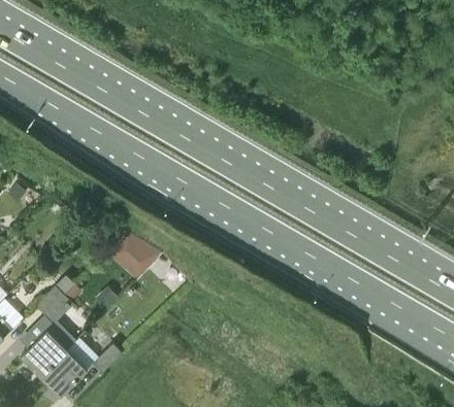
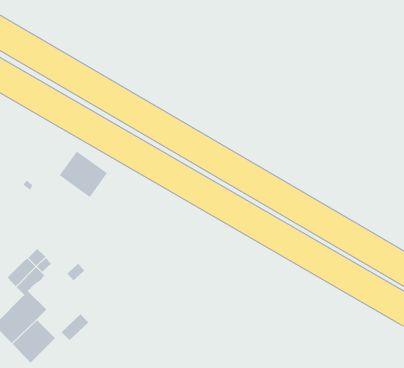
building: [109,228,161,277] -> [59,151,108,198]

